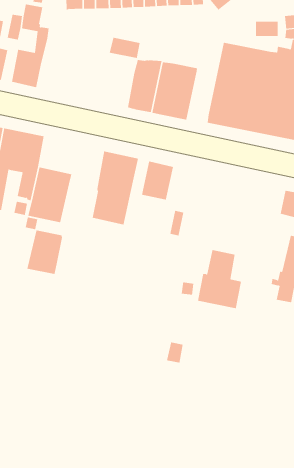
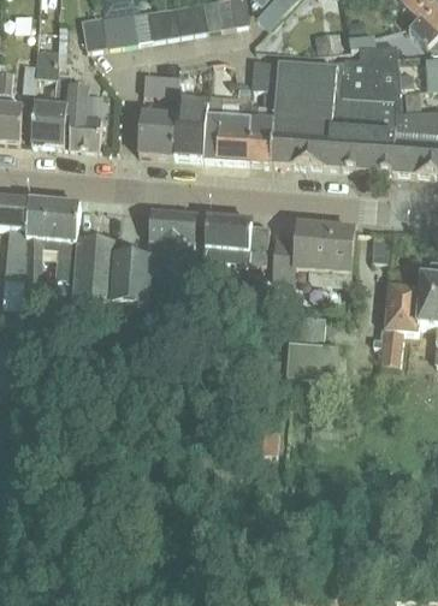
building: none -> [247,58,278,161]
building: none -> [65,83,100,148]
building: none -> [138,108,176,154]
building: none -> [235,218,268,261]
building: none -> [272,221,354,285]
building: [27,230,63,275] -> [112,254,150,304]

